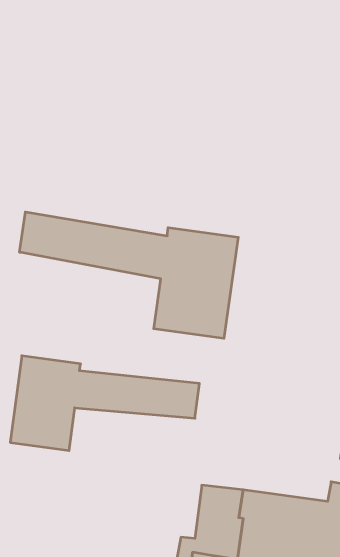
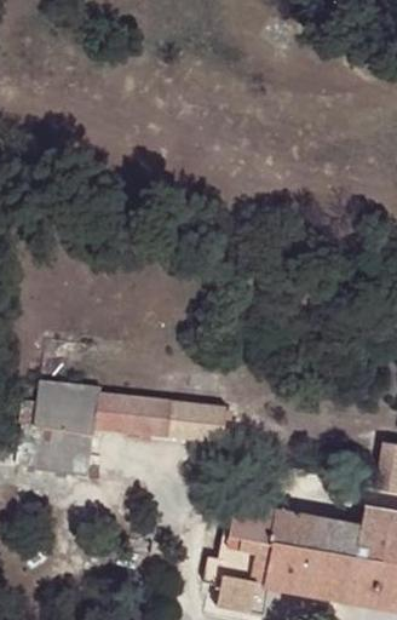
building: [20,212,238,338] -> none

